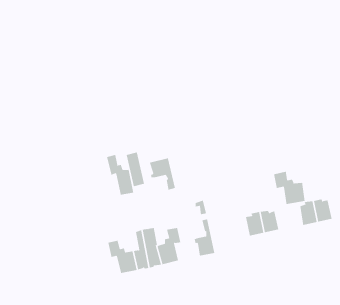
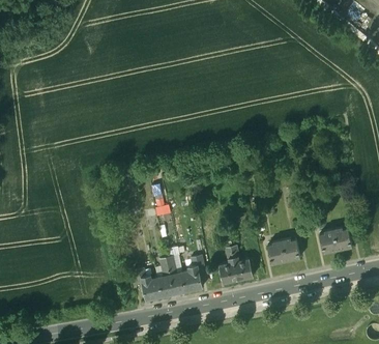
building: [107,154,134,196] -> none
building: [149,157,175,190] -> none
building: [273,171,305,205] -> none
building: none -> [230,246,253,280]

